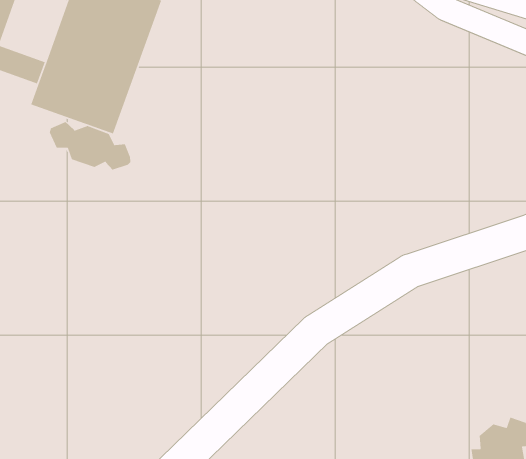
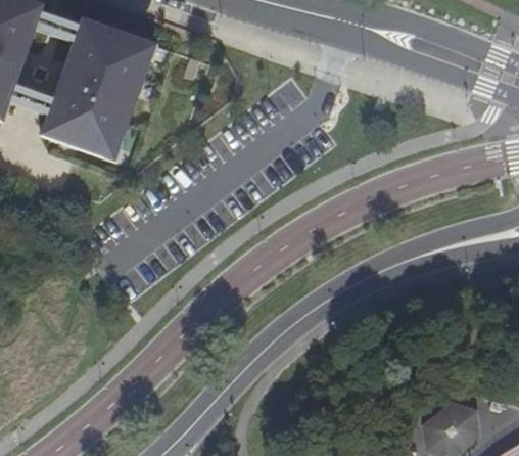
building: [49,121,131,170] -> none

